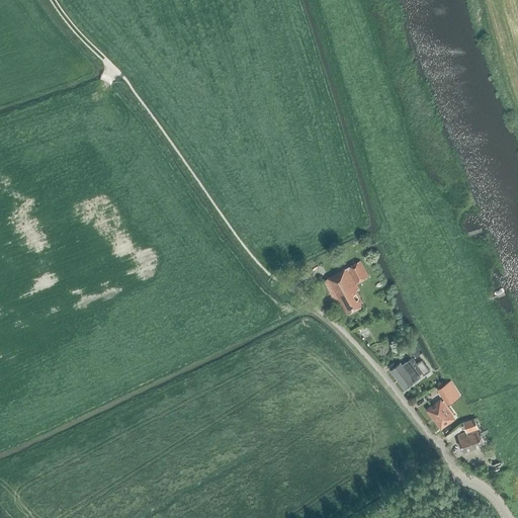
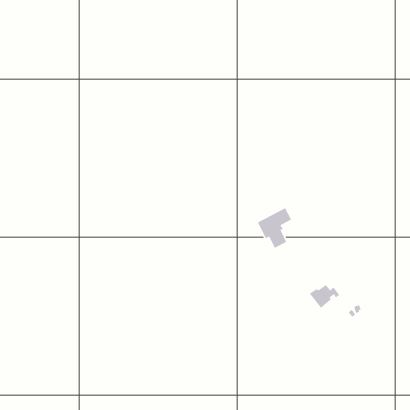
building: [426,400,453,428] -> none
building: [456,419,484,452] -> none

